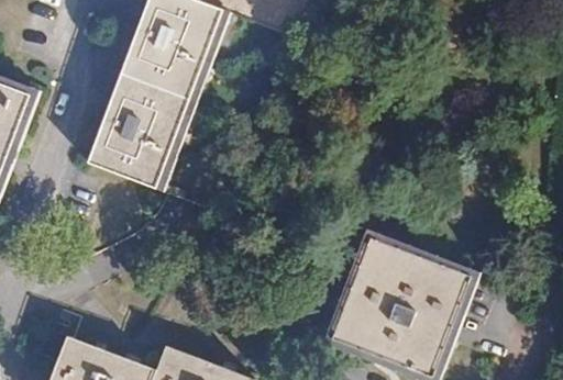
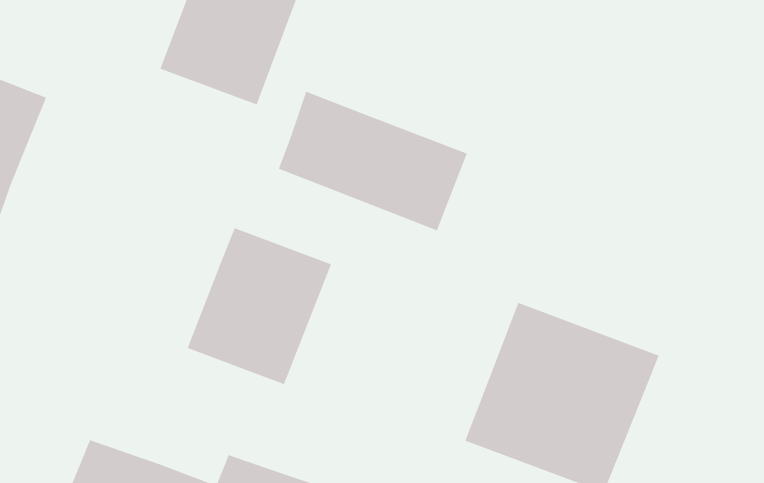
building: [86,74,190,187] -> [187,228,332,385]
building: none -> [278,91,467,231]

